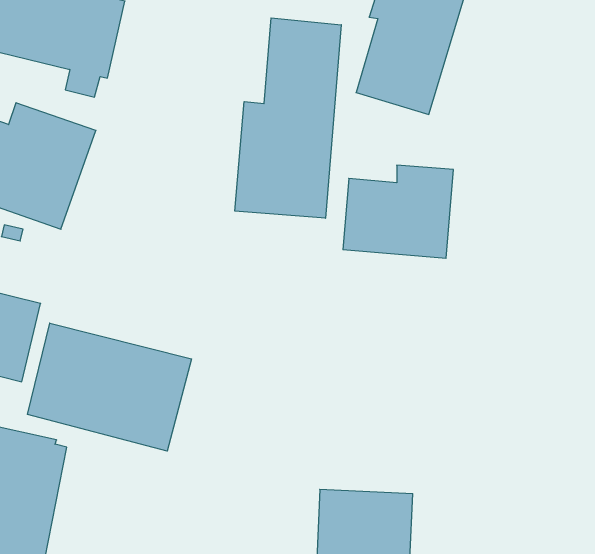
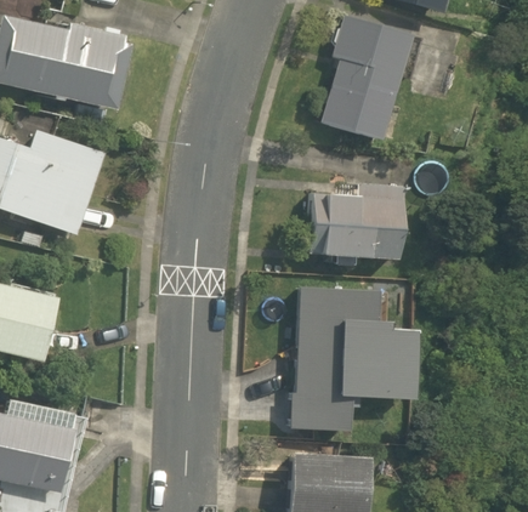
building: [235,18,341,218] -> none
building: none -> [291,286,414,429]
building: [28,323,192,451] -> none

